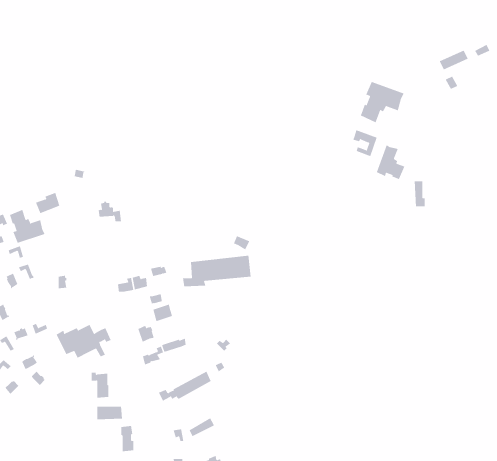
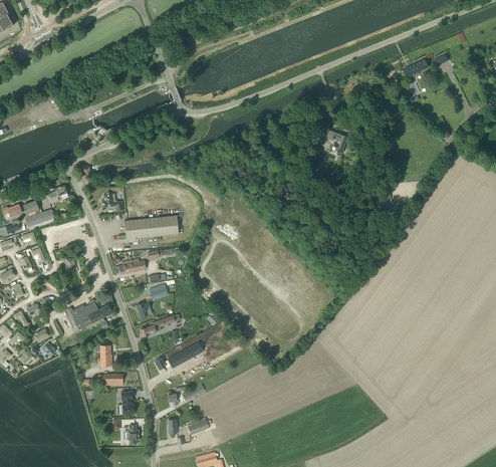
building: [360,81,405,123] -> none
building: [376,144,405,180] -> none
building: [182,255,252,287] -> [116,215,178,243]

